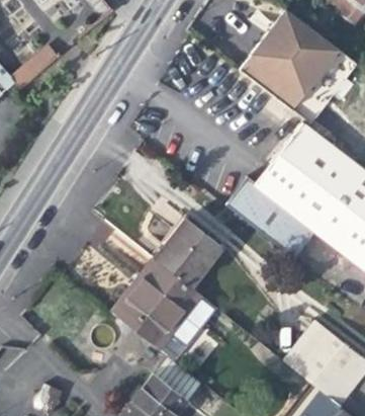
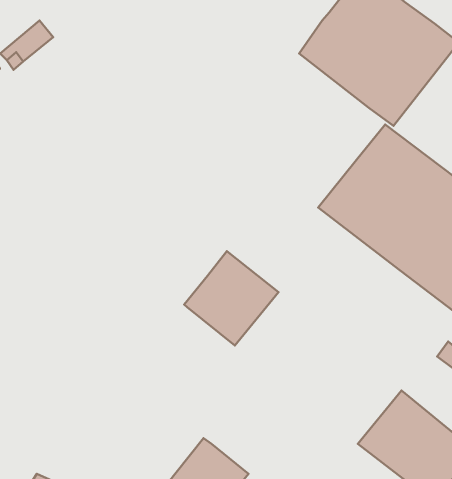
building: [224,178,312,258] -> none
building: [110,259,215,360] -> none

